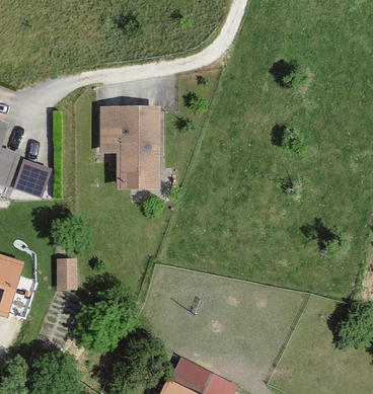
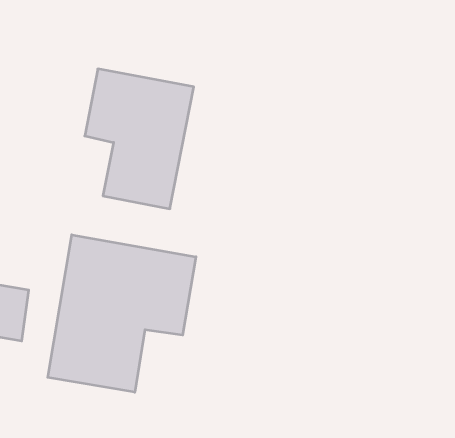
building: none -> [48,235,196,392]

